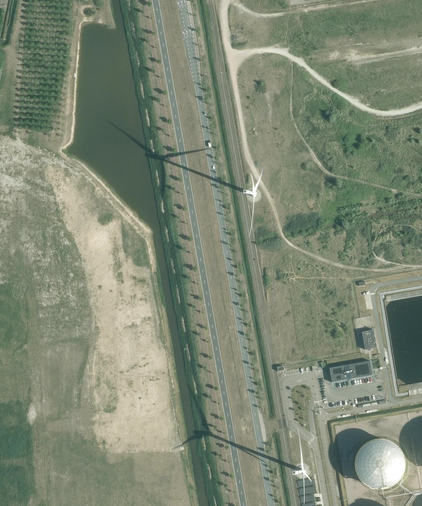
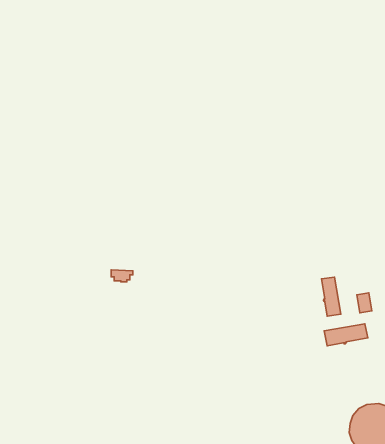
building: none -> [322,277,341,316]

